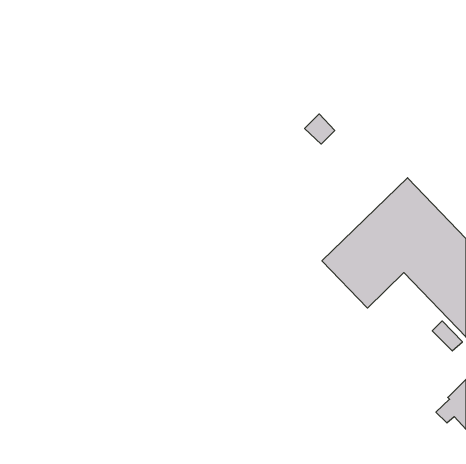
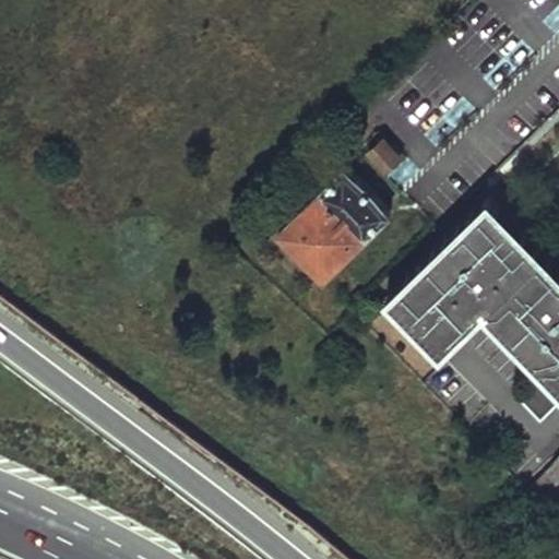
building: none -> [280,165,391,276]

